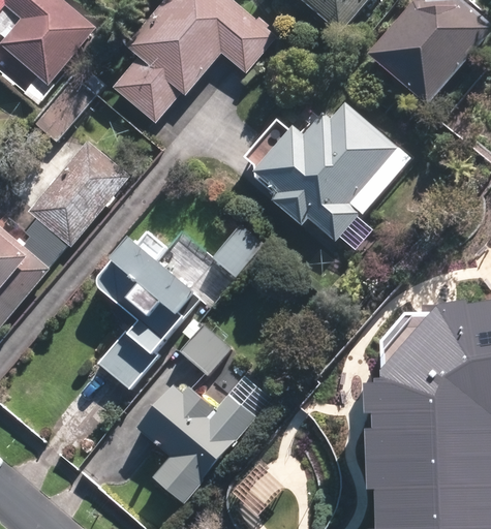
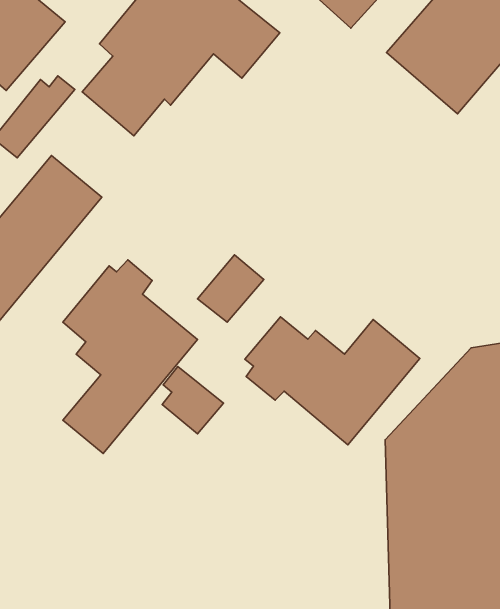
building: [254,103,409,241] -> none
building: none -> [245,317,420,445]
building: [136,373,272,503] -> none

